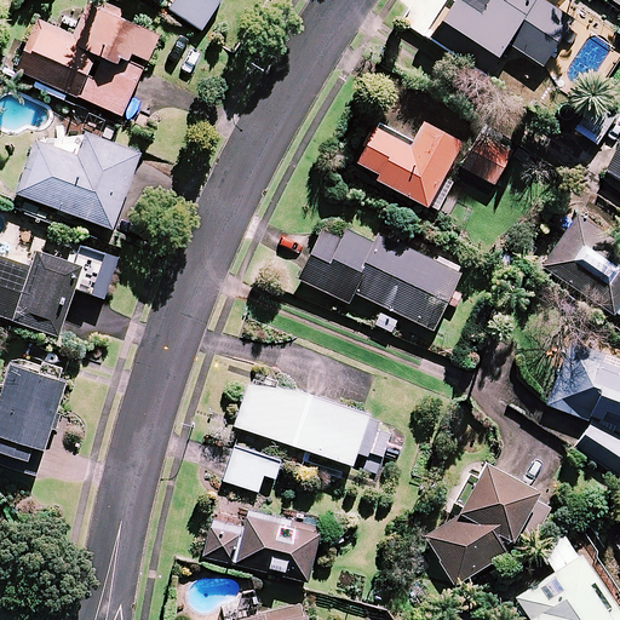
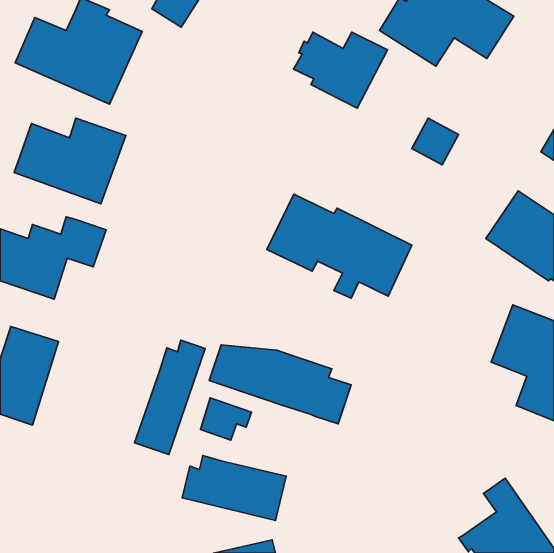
building: [356,121,461,206] -> [293,32,388,108]
building: none -> [135,340,205,454]
building: [424,464,539,584] -> none

